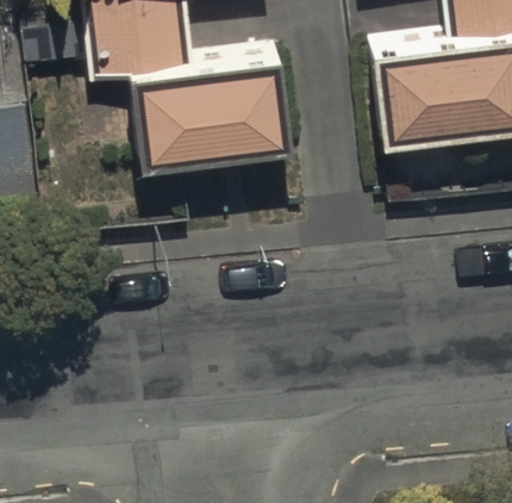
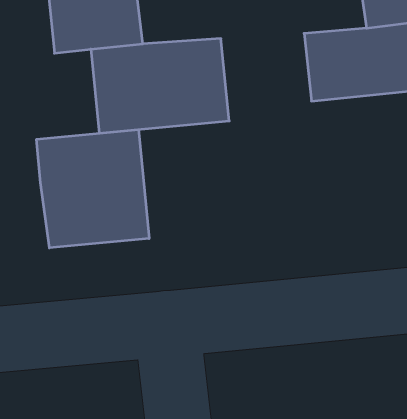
building: none -> [37,130,149,248]

